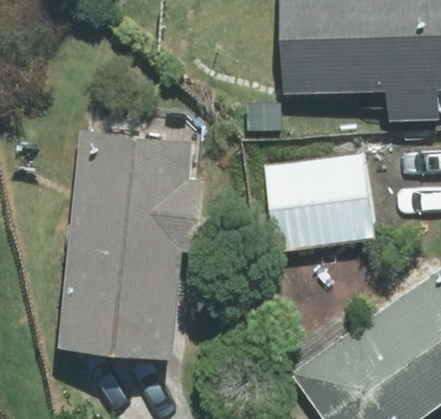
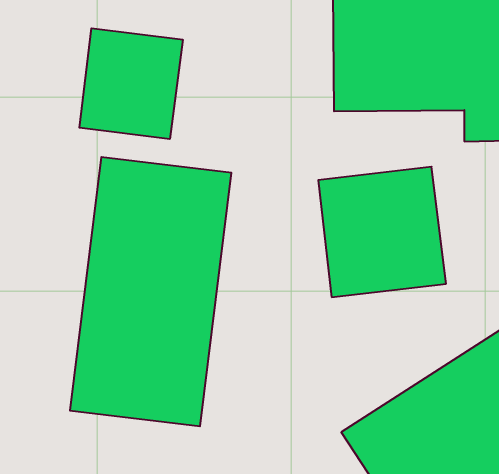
building: none -> [79,28,183,139]

